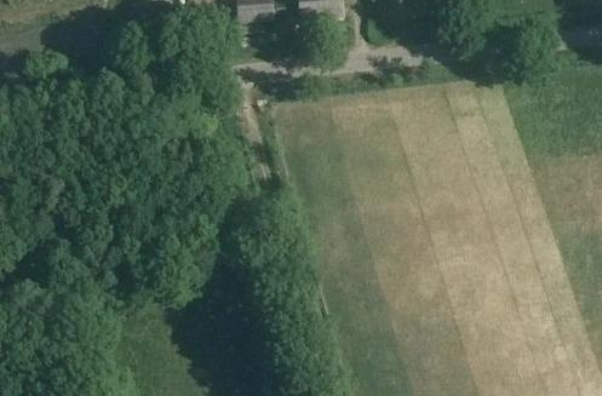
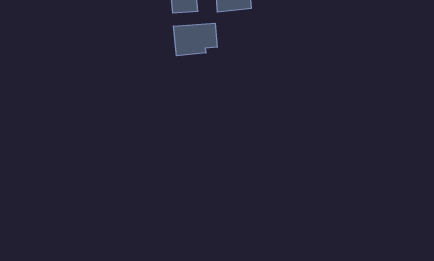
building: none -> [173,23,217,56]

